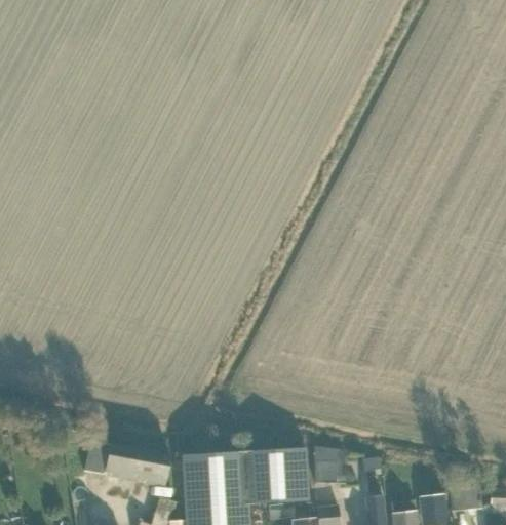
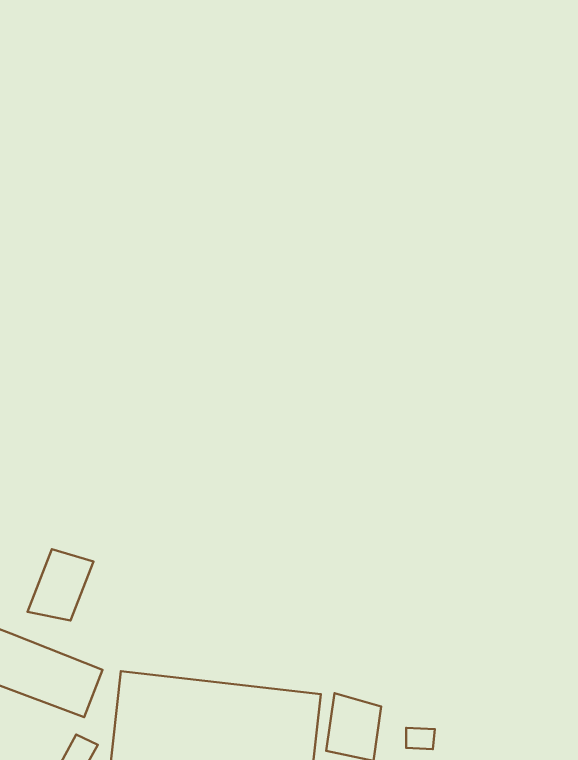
building: none -> [28,549,94,620]

